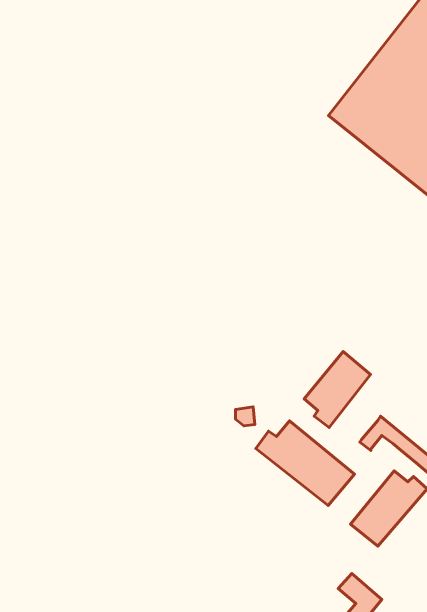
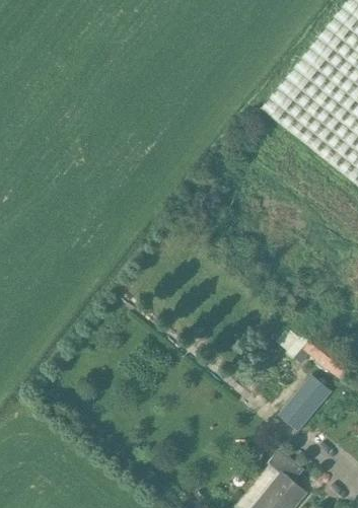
building: [304,352,371,427] -> none
building: [256,421,354,505] -> none

